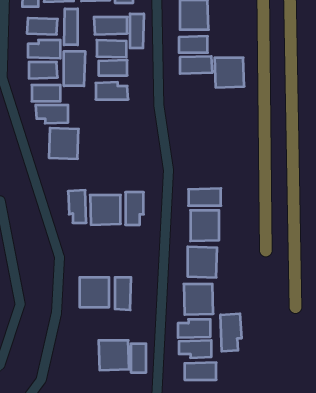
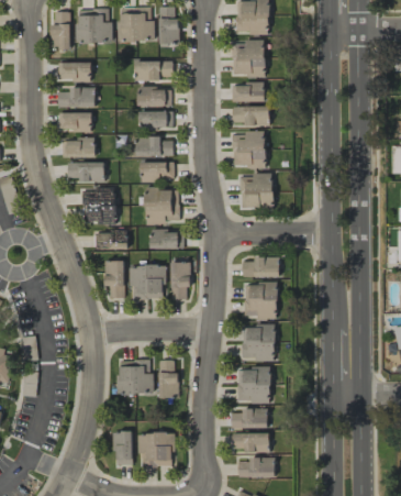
building: [64,9,78,45] -> none
building: [130,14,144,48] -> none
building: [64,51,85,86] -> none
building: [215,58,244,87] -> [233,132,267,166]
building: none -> [140,162,174,181]
building: none -> [241,174,274,208]
building: none -> [145,188,179,223]
building: none -> [96,230,127,249]
building: none -> [151,230,183,249]
building: [221,314,241,351] -> none
building: [131,344,146,372] -> [115,431,133,464]

